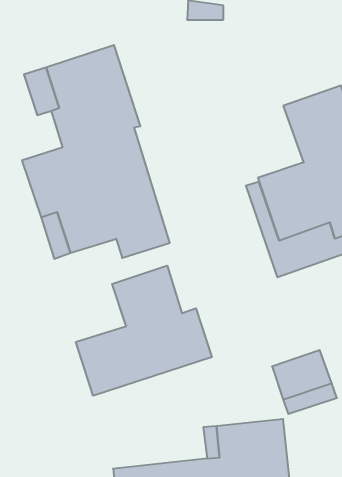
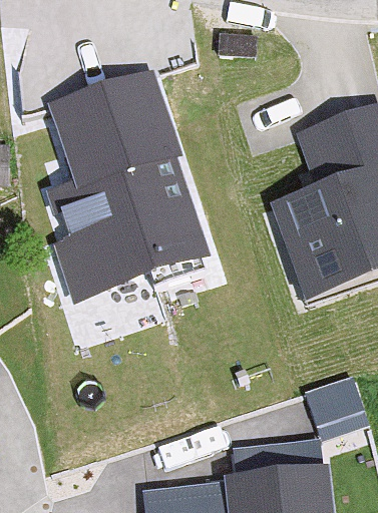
building: [76,266,212,396] -> none

